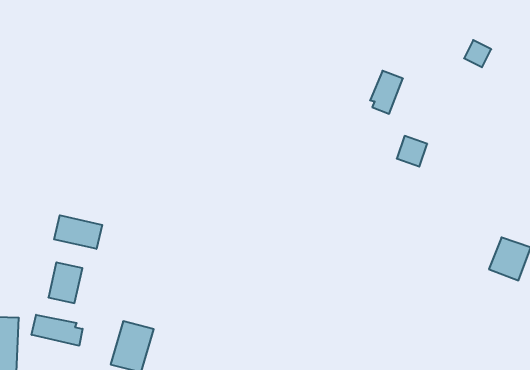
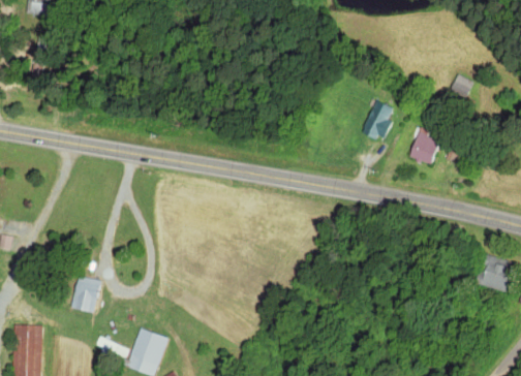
building: [397,136,427,167] -> [409,136,437,164]
building: [54,215,102,249] -> none
building: [32,315,83,346] -> none

